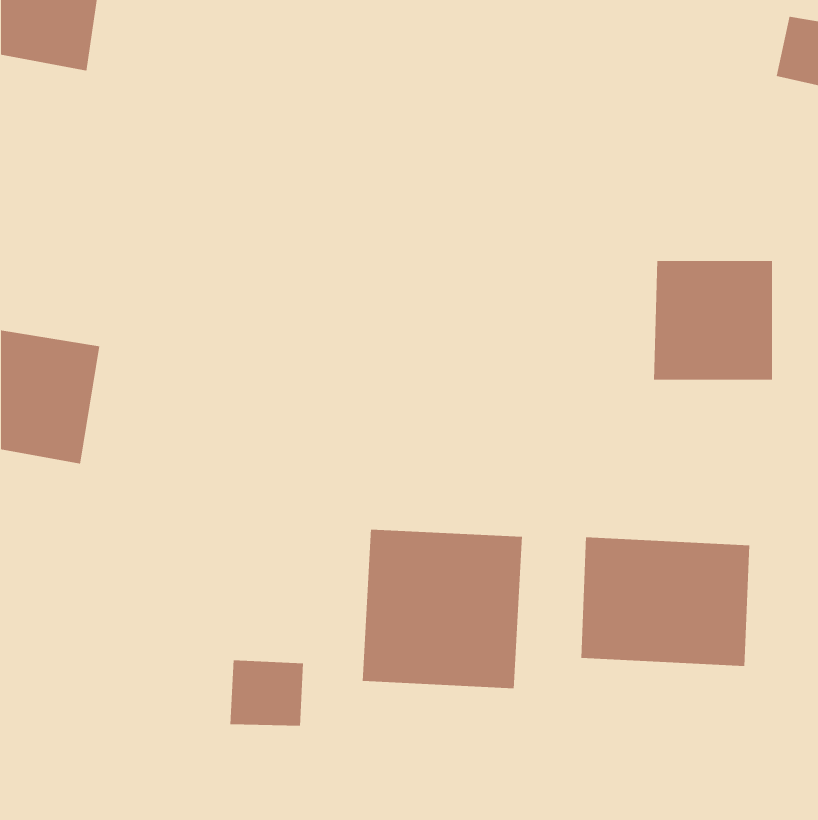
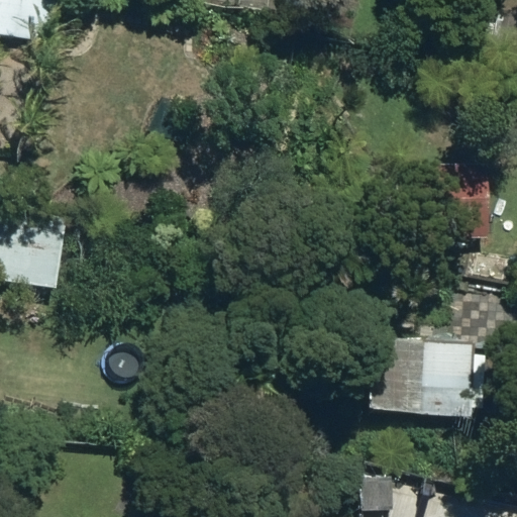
building: [362,529,523,689] -> none

